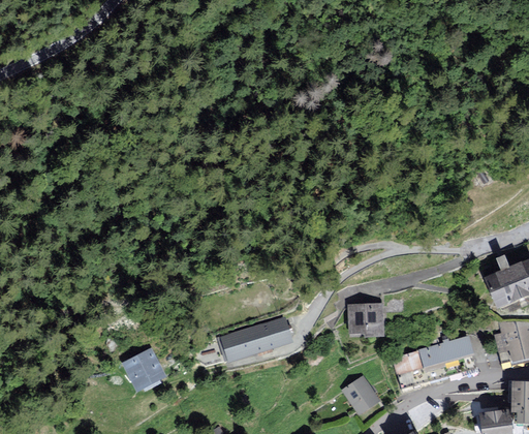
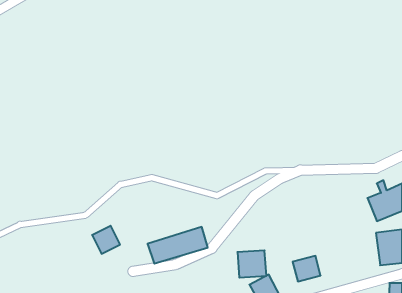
building: [350,302,385,335] -> [237,250,266,278]
building: [423,337,479,375] -> none
building: [128,355,162,390] -> [92,226,120,254]

